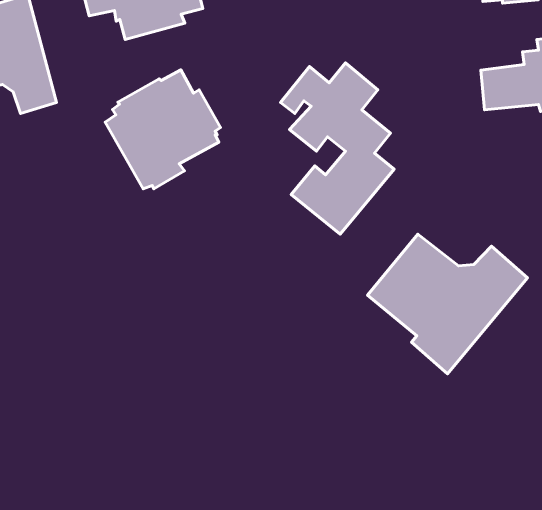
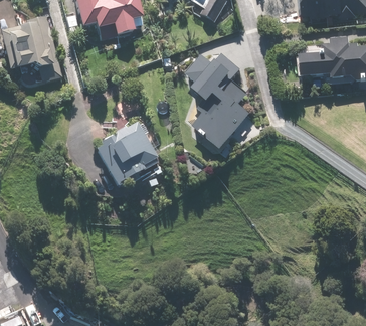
building: [105,70,221,189] -> [95,121,159,187]
building: [368,234,527,374] -> none

